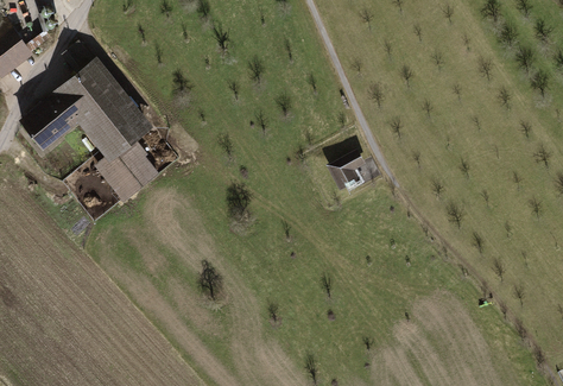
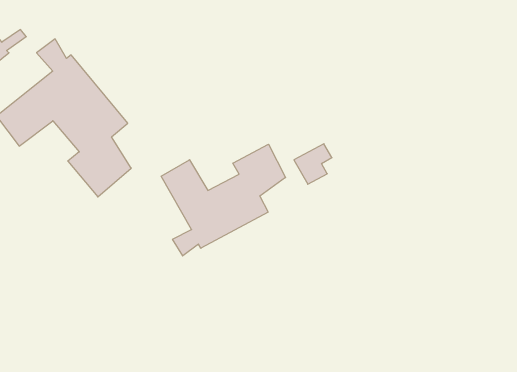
building: none -> [161,144,286,256]

